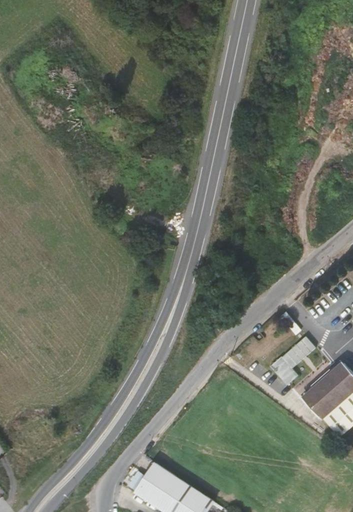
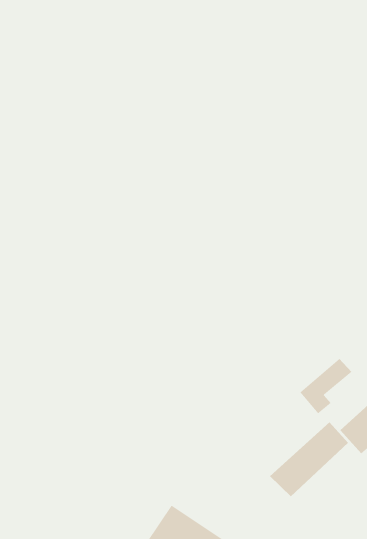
building: none -> [269,422,349,497]

